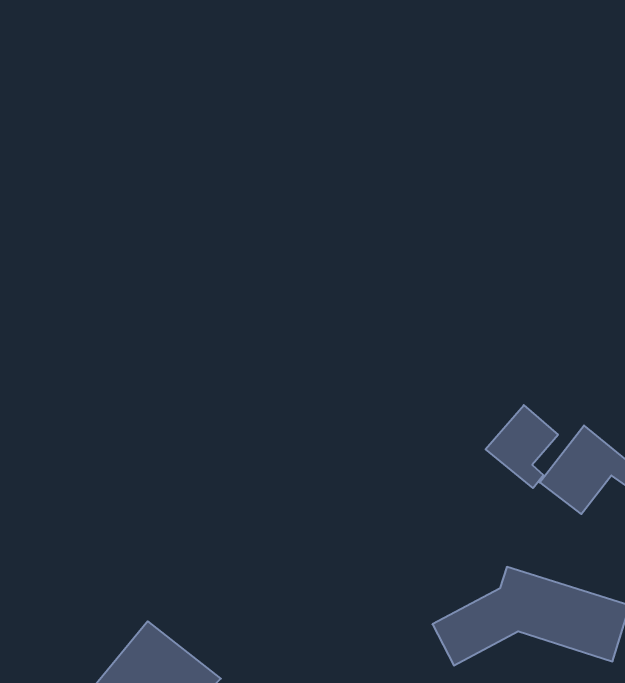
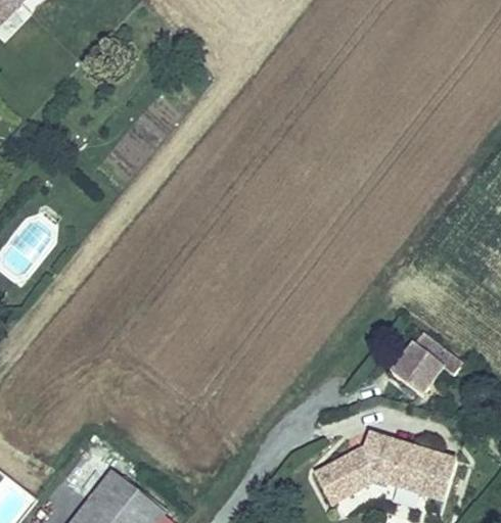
building: [486,405,558,488] -> none

